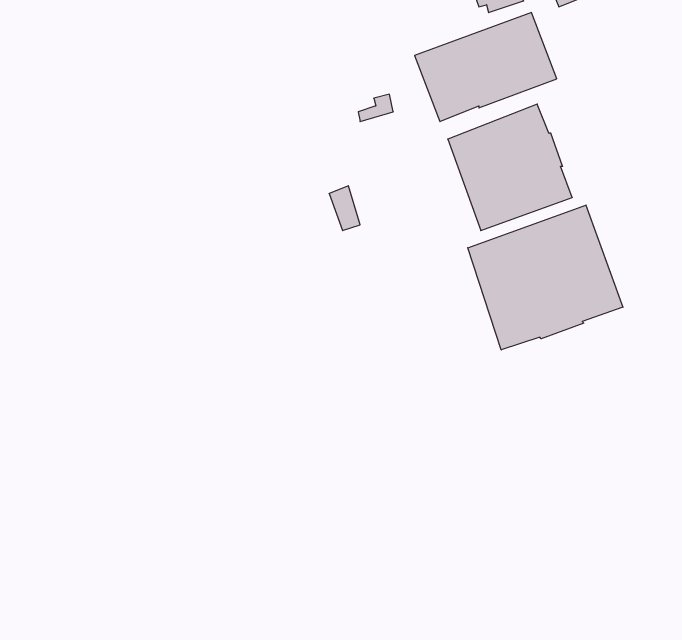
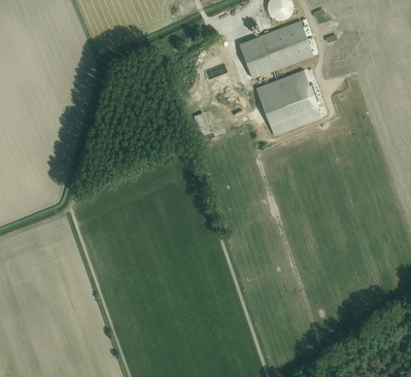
building: [468,205,623,350] -> none

